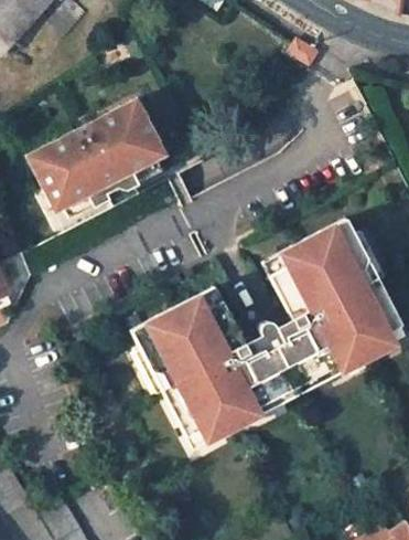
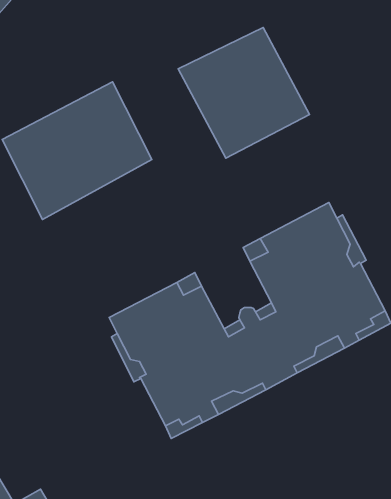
building: none -> [178,27,310,158]

